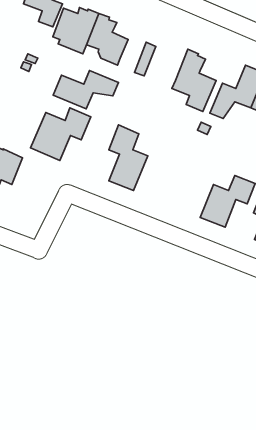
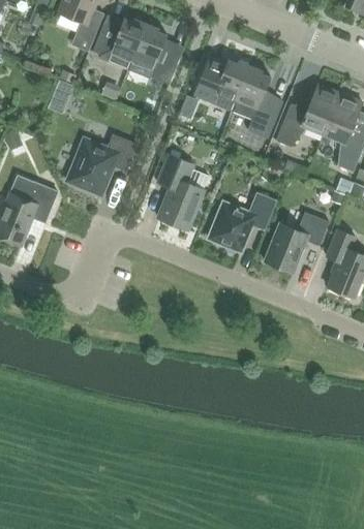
building: none -> [209,59,249,111]
building: [53,70,118,109] -> none
building: none -> [208,191,276,251]

